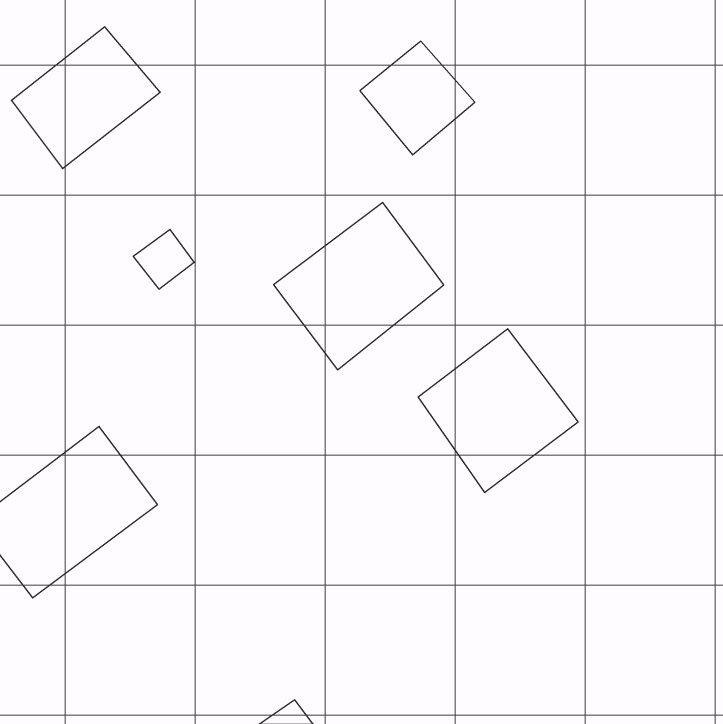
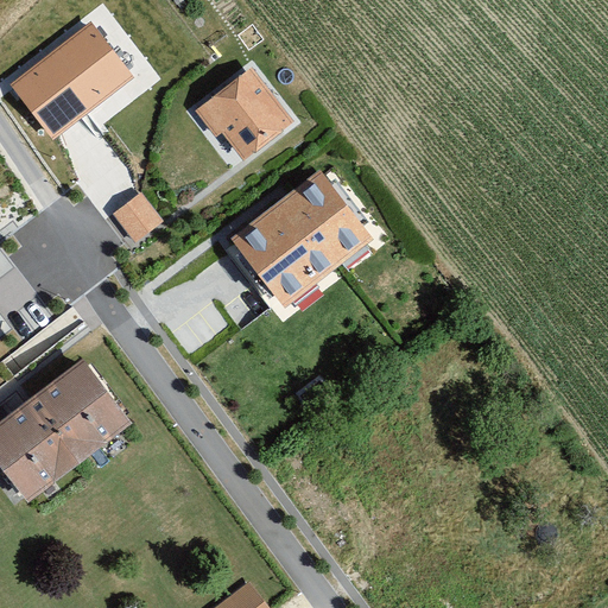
building: [360,41,475,155] -> [196,68,292,163]
building: [418,329,578,493] -> none

